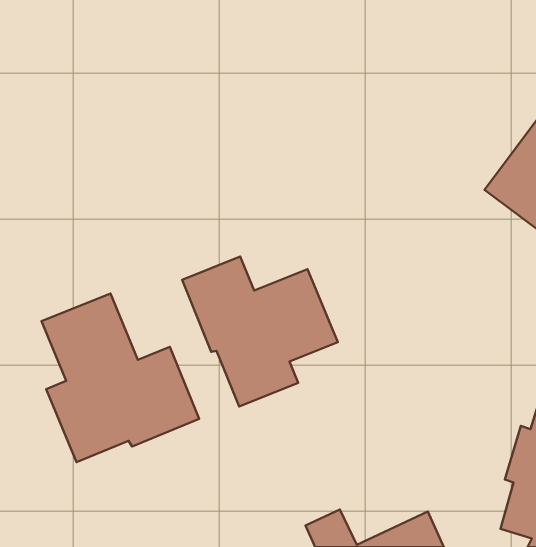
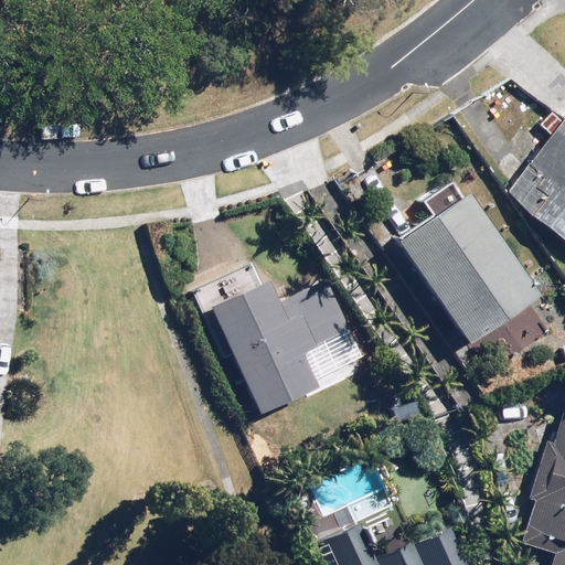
building: none -> [393,181,540,348]
building: [42,294,199,462] -> none

